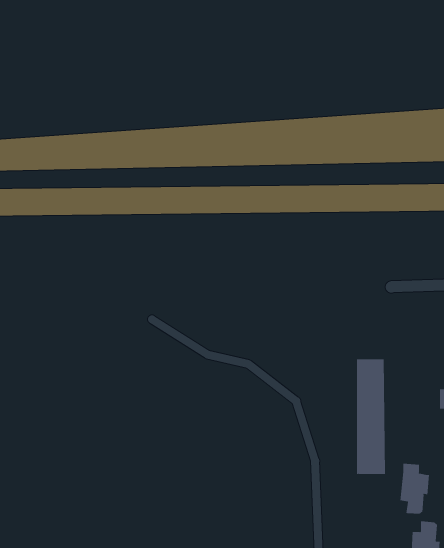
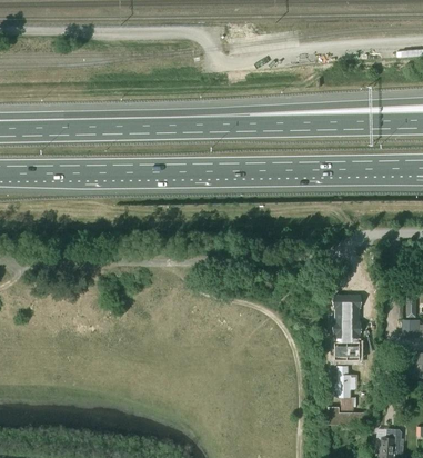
building: [400,463,430,514] -> none

